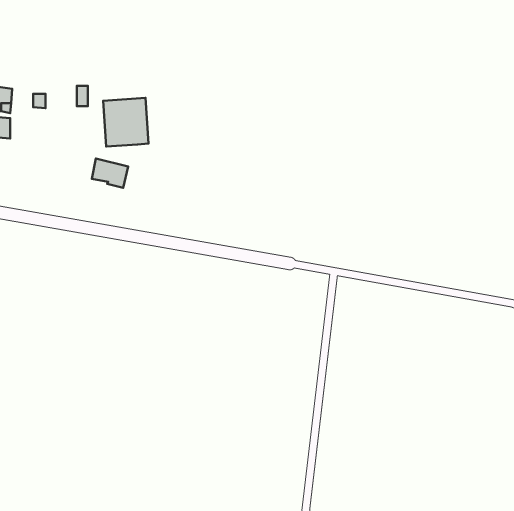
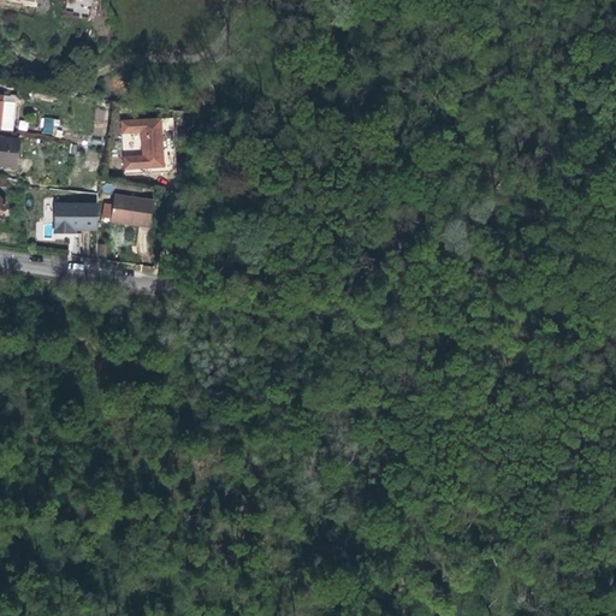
building: none -> [47,205,93,238]

